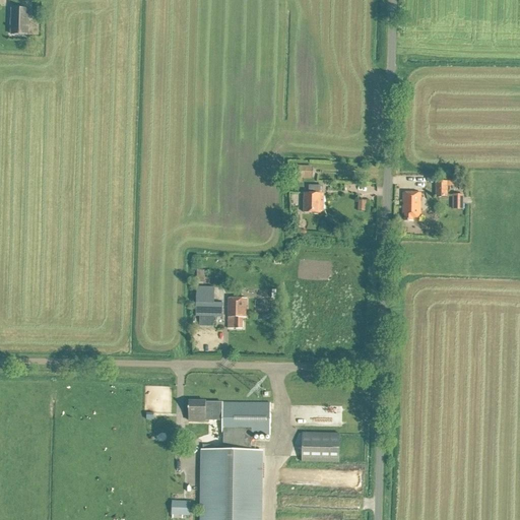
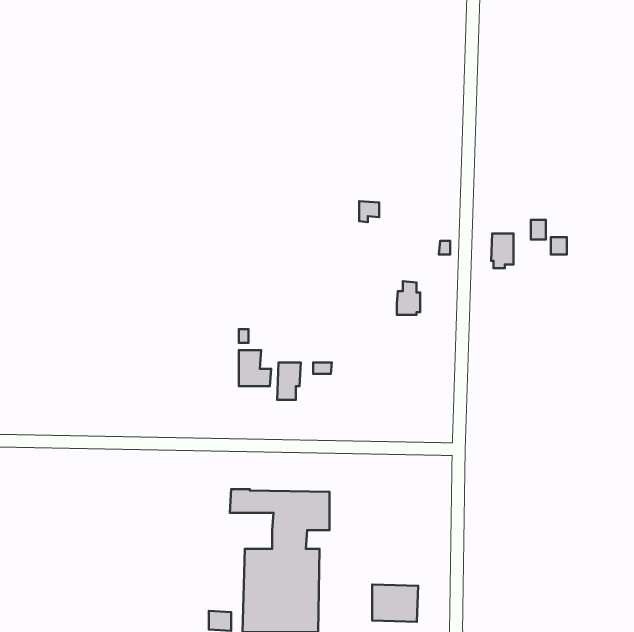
building: [10,7,27,34] -> none
building: [303,184,322,211] -> [397,281,420,315]
building: [302,432,339,462] -> [372,585,418,622]

